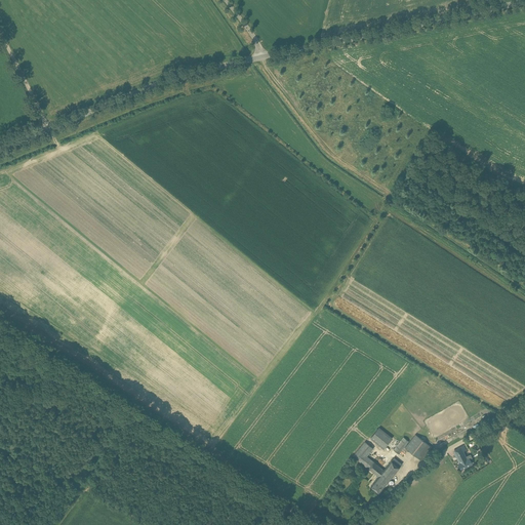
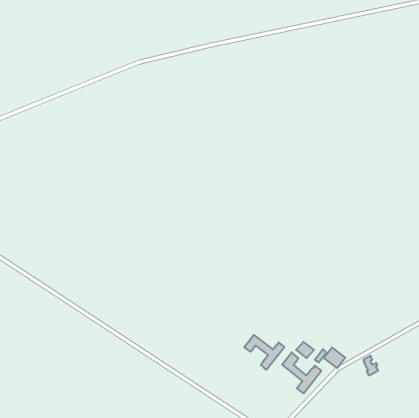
building: none -> [244,335,284,370]

